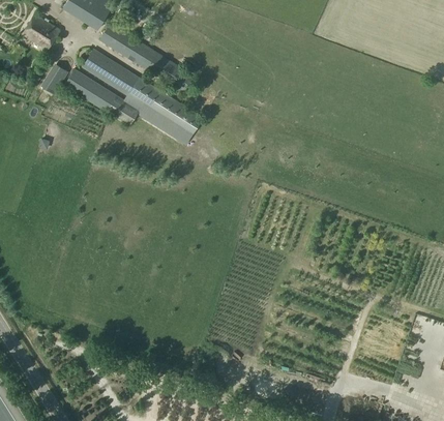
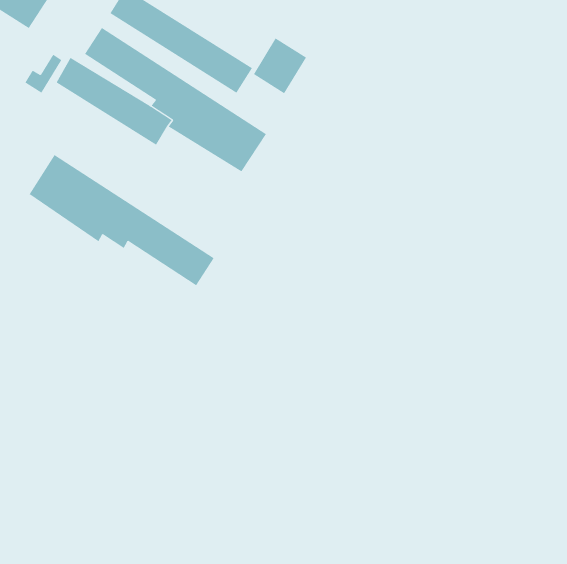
building: none -> [253,37,307,94]
building: none -> [29,154,215,286]

